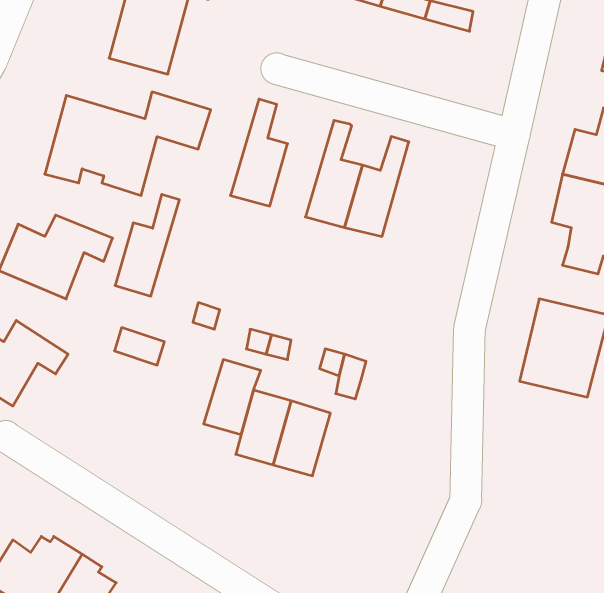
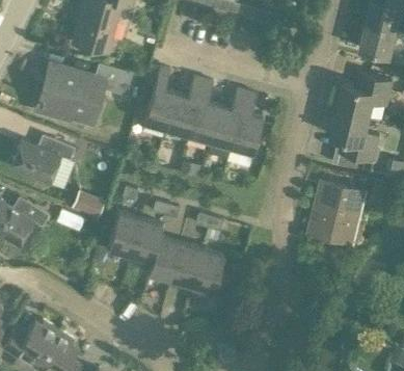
building: none -> [233,92,265,155]
building: [115,194,179,296] -> [167,77,205,136]
building: none -> [107,213,140,257]
building: none -> [192,250,224,293]

